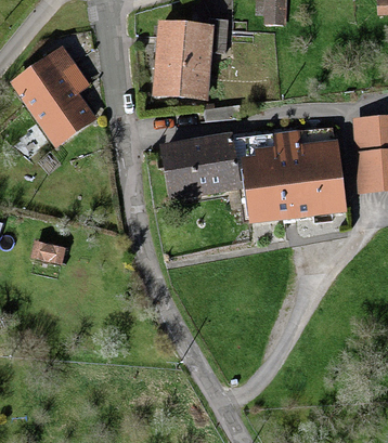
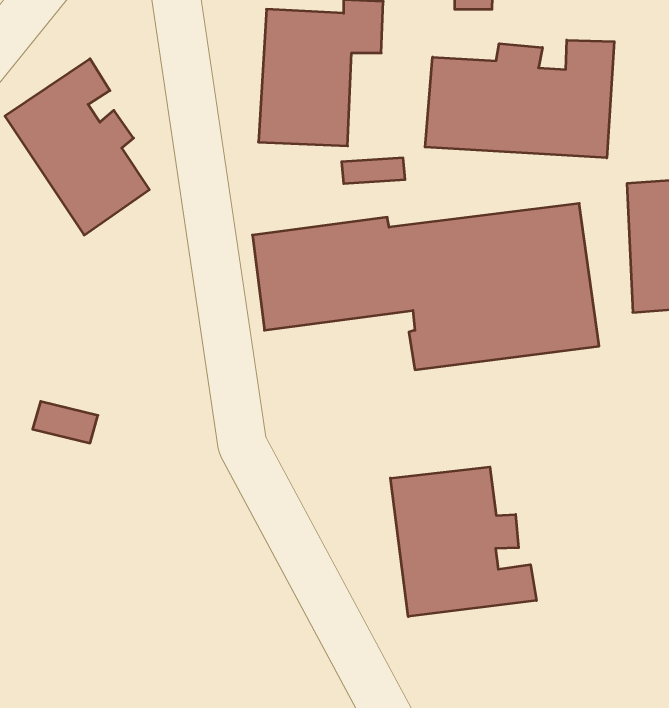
building: none -> [425,40,614,158]
building: none -> [390,467,536,617]

